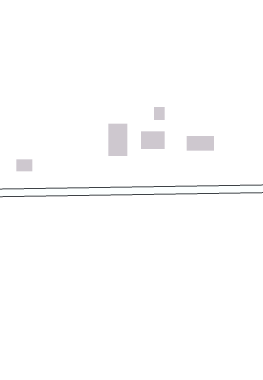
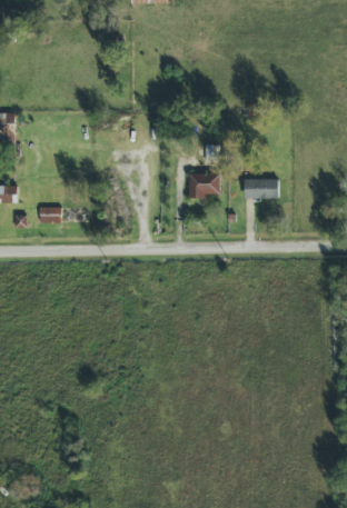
building: [108,123,128,157] -> none

